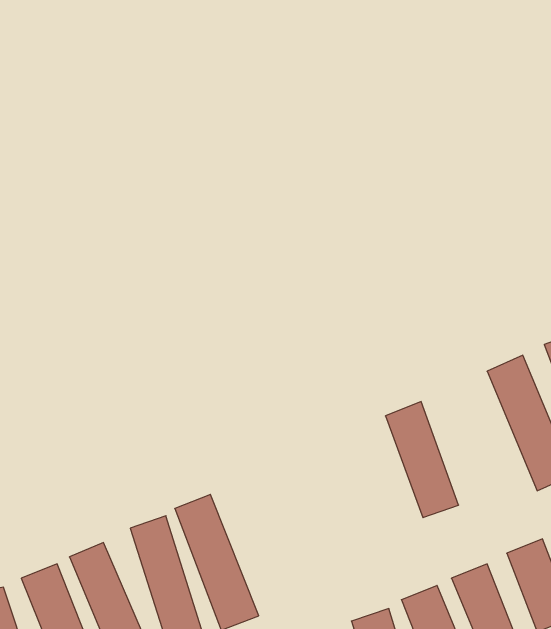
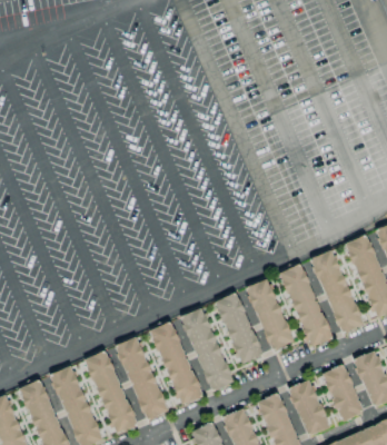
building: none -> [280,264,331,347]
building: none -> [216,293,262,364]
building: none -> [181,307,232,392]
building: none -> [150,320,202,405]

